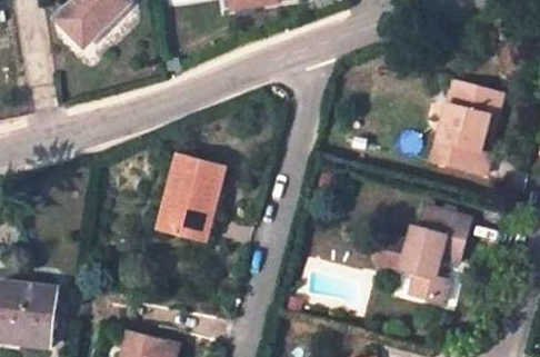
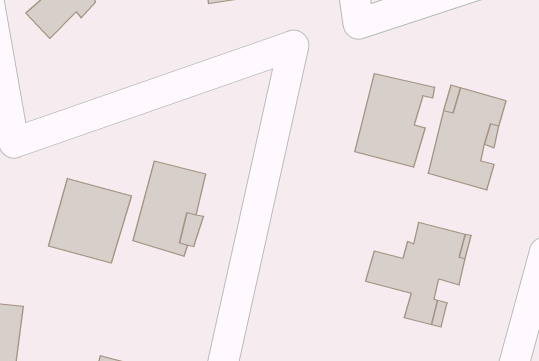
building: none -> [355,74,434,167]
building: none -> [48,178,131,263]

